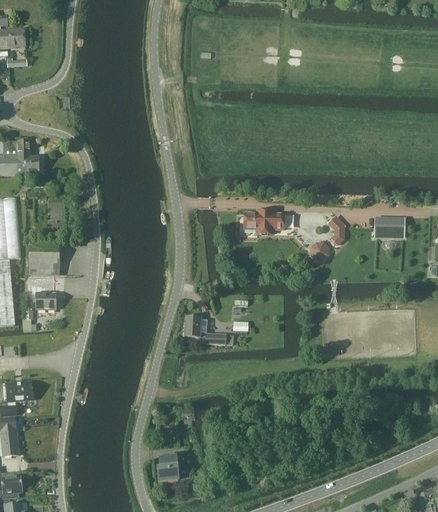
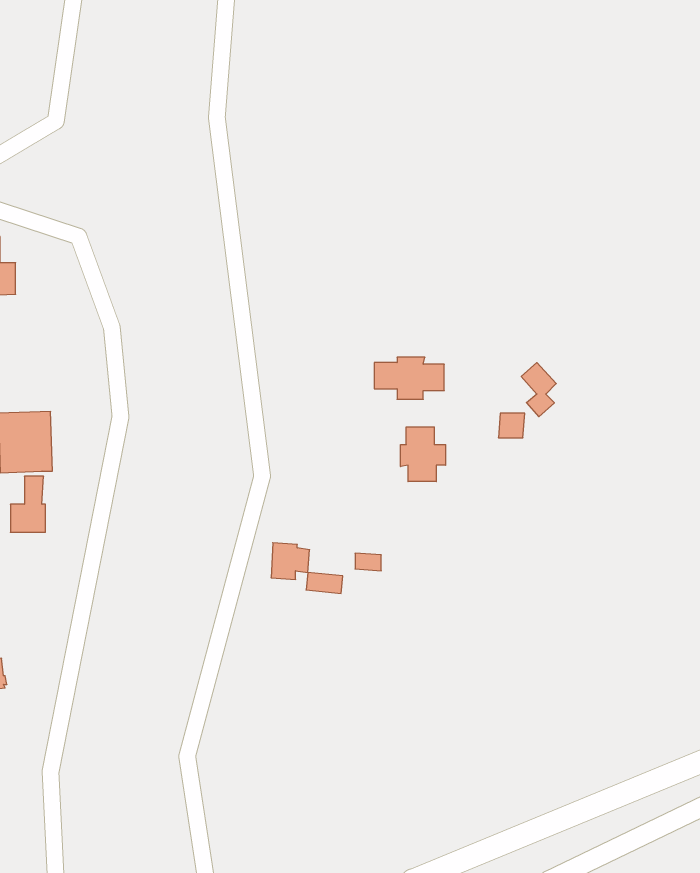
building: [376,215,406,236] -> none
building: none -> [401,427,446,482]
building: [157,456,190,482] -> none

